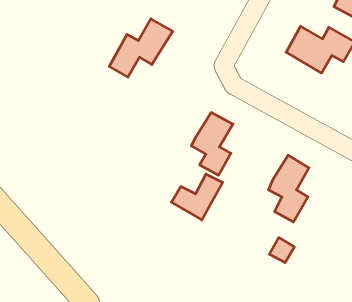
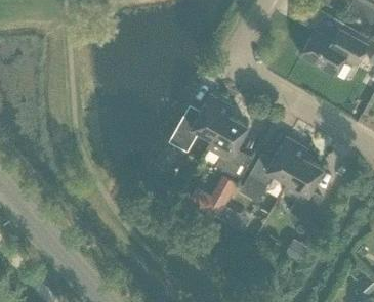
building: [109,19,173,77] -> [169,94,232,152]
building: none -> [240,136,306,202]

